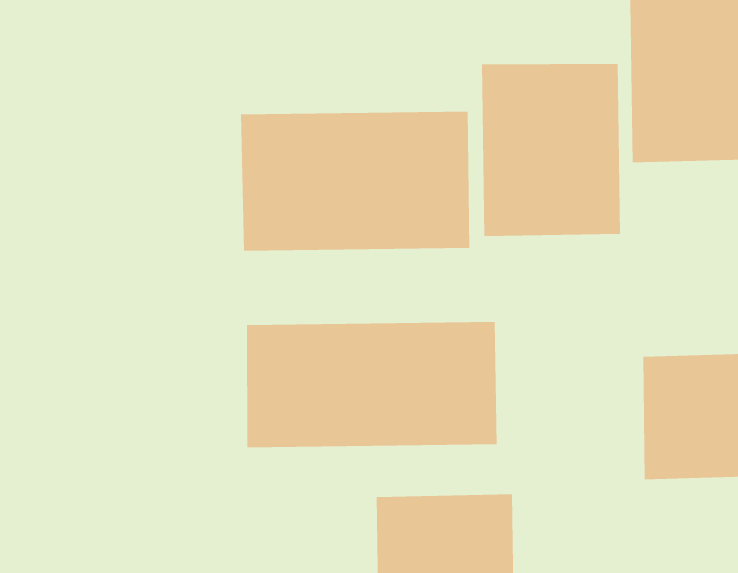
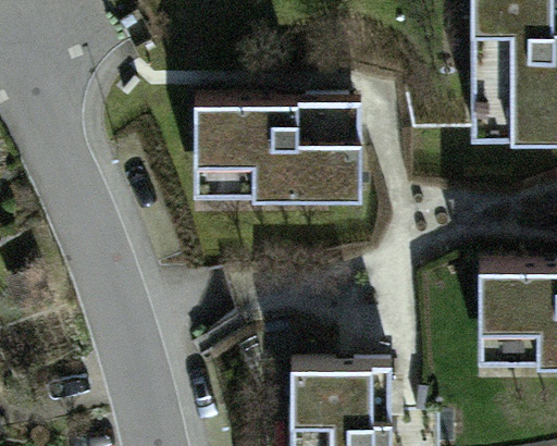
building: [481,63,620,237] -> none
building: [247,321,497,448] -> none

